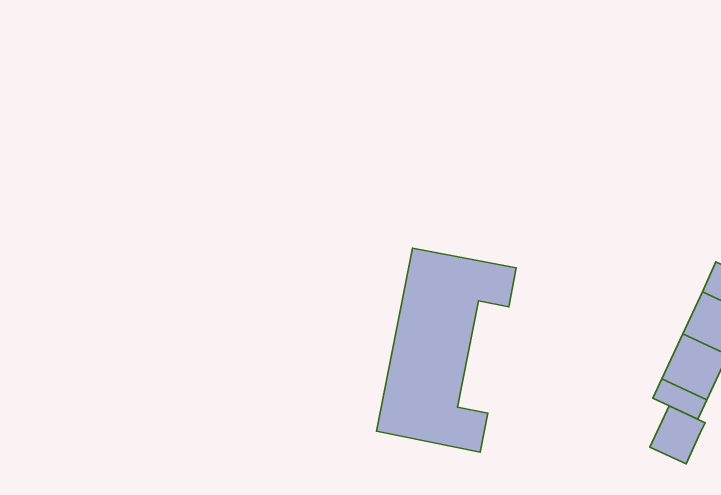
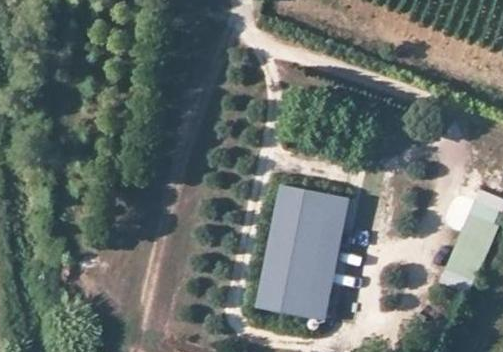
building: none -> [309,217,343,292]
building: [650,406,705,464] -> none

